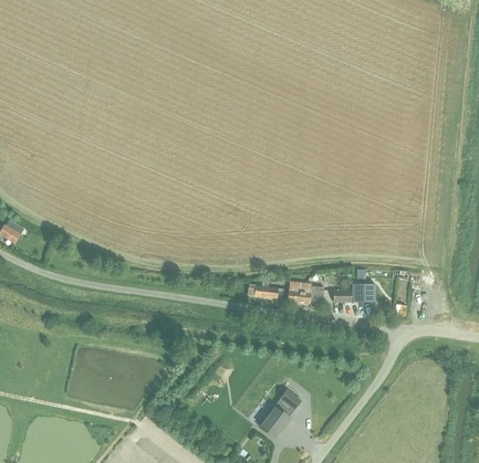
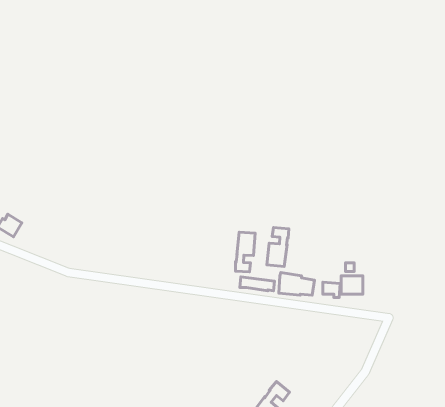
building: none -> [267,228,289,267]
building: none -> [235,232,255,272]

